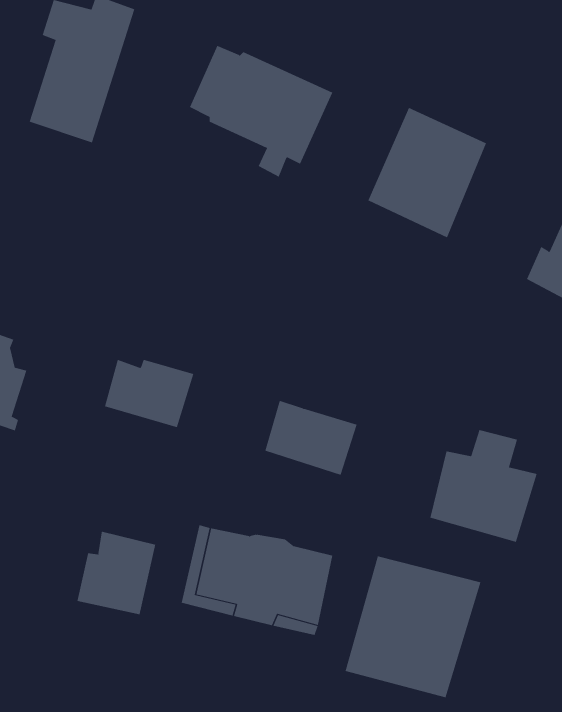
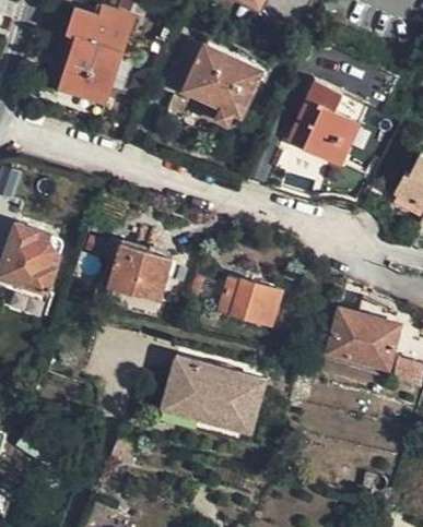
building: [77,531,156,615] -> none
building: [345,555,481,698] -> none

